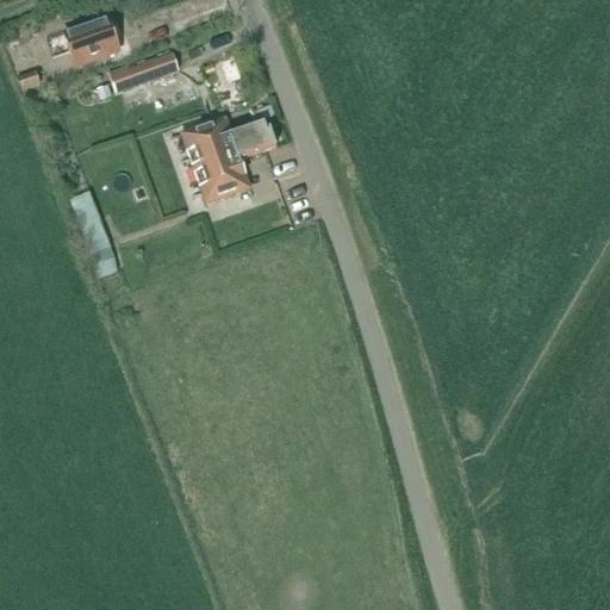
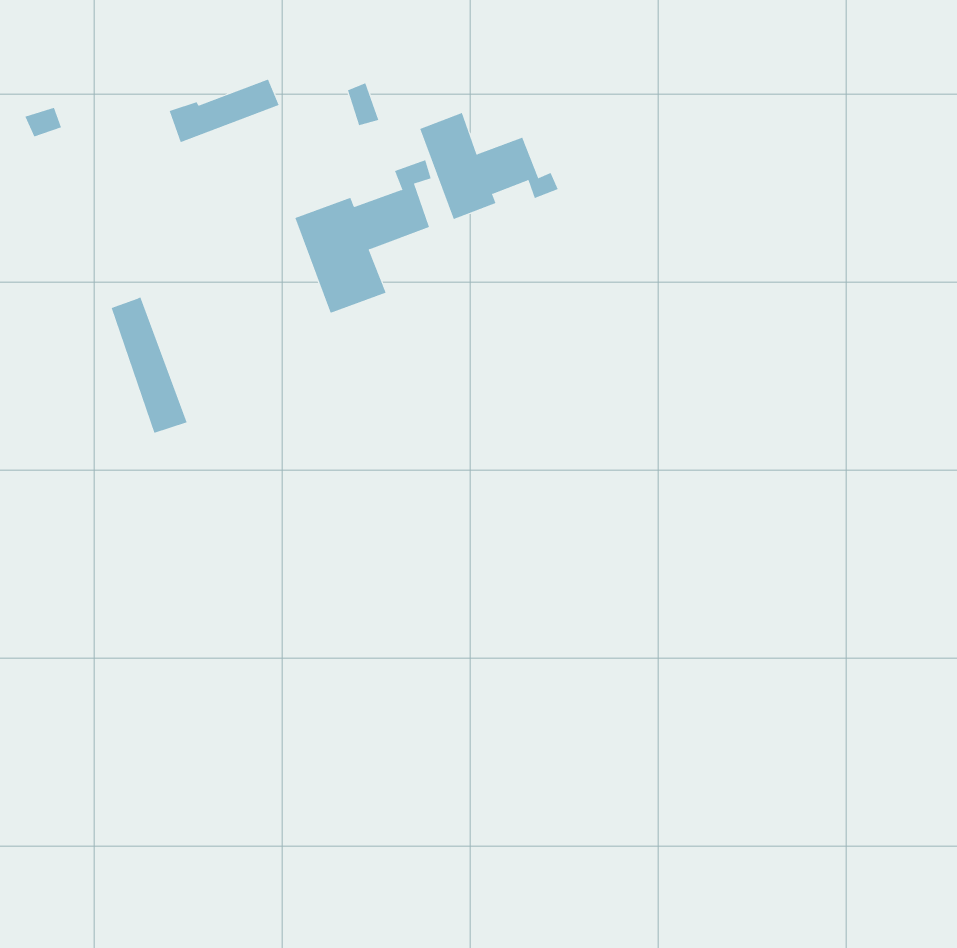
building: [66,15,120,63] -> none
building: none -> [419,112,558,220]

